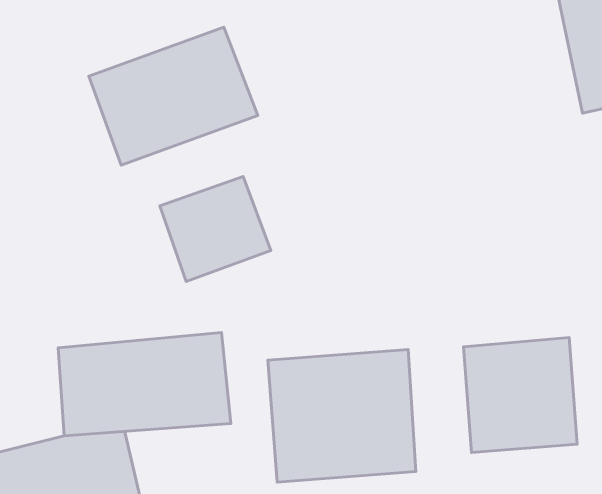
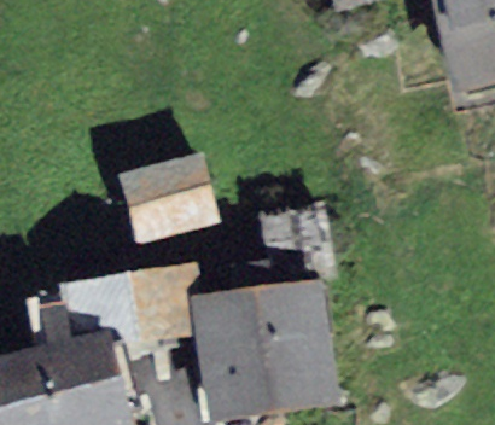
building: [89,27,258,165] -> none
building: [464,337,577,452] -> none

